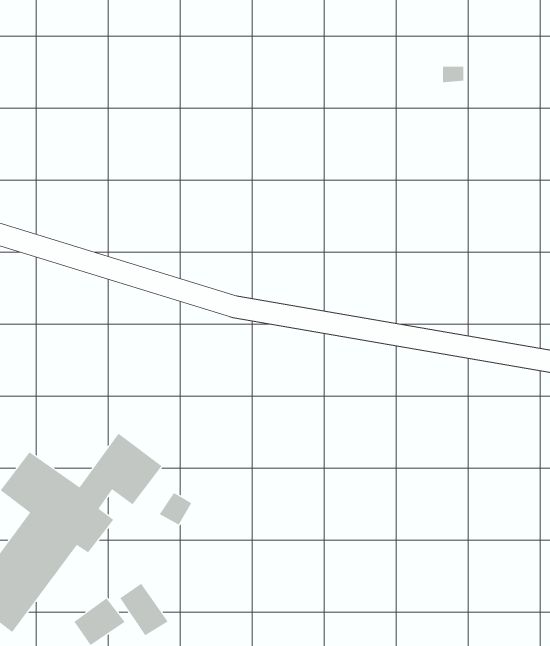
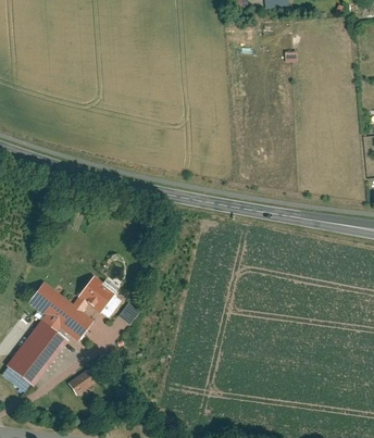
building: [120,583,169,636] -> none

